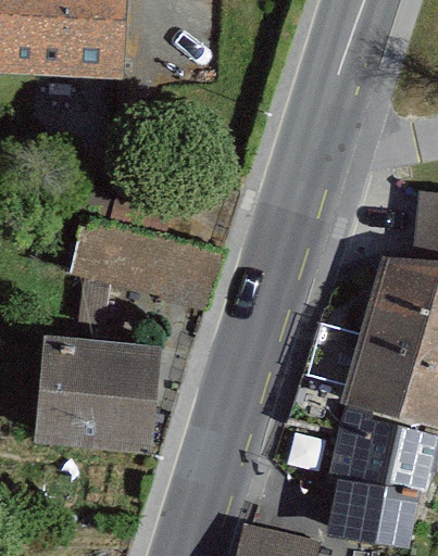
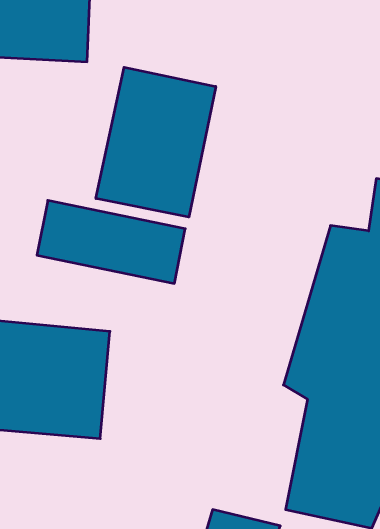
building: none -> [96,67,216,217]

